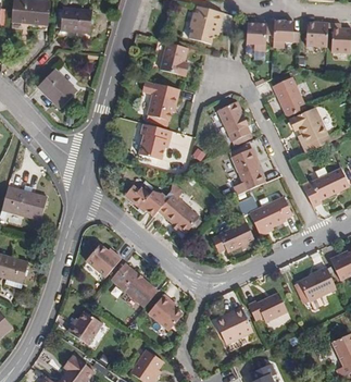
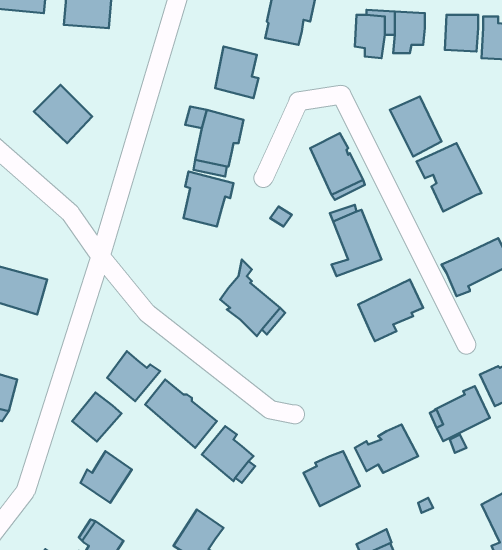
building: [125,186,166,217] -> none
building: [212,218,256,250] -> none
building: none -> [72,392,121,441]

